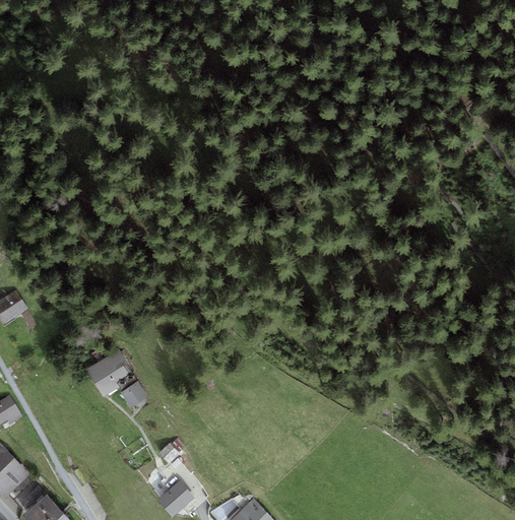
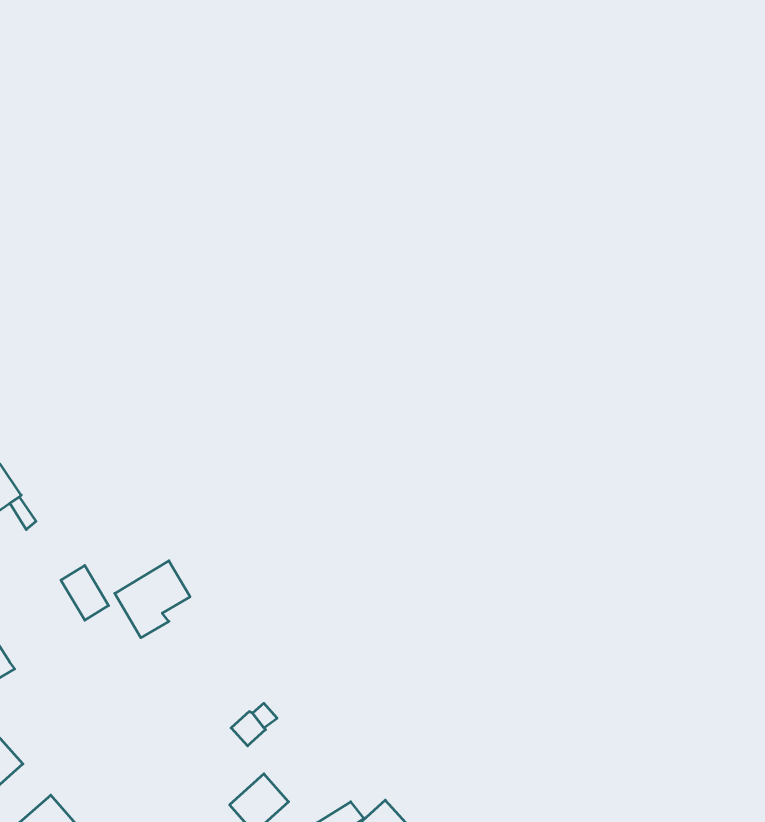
building: none -> [61,565,109,620]
building: [120,382,147,408] -> none

